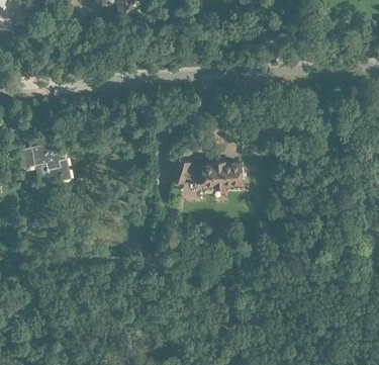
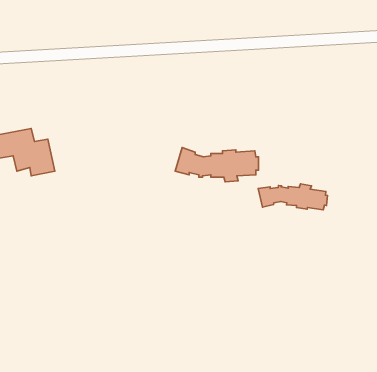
building: none -> [258,184,328,210]

